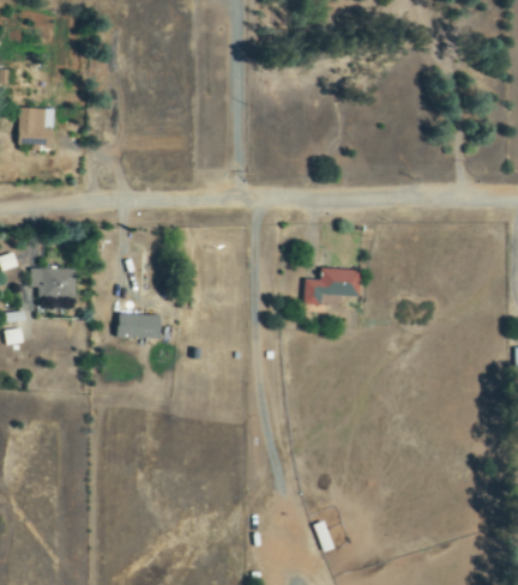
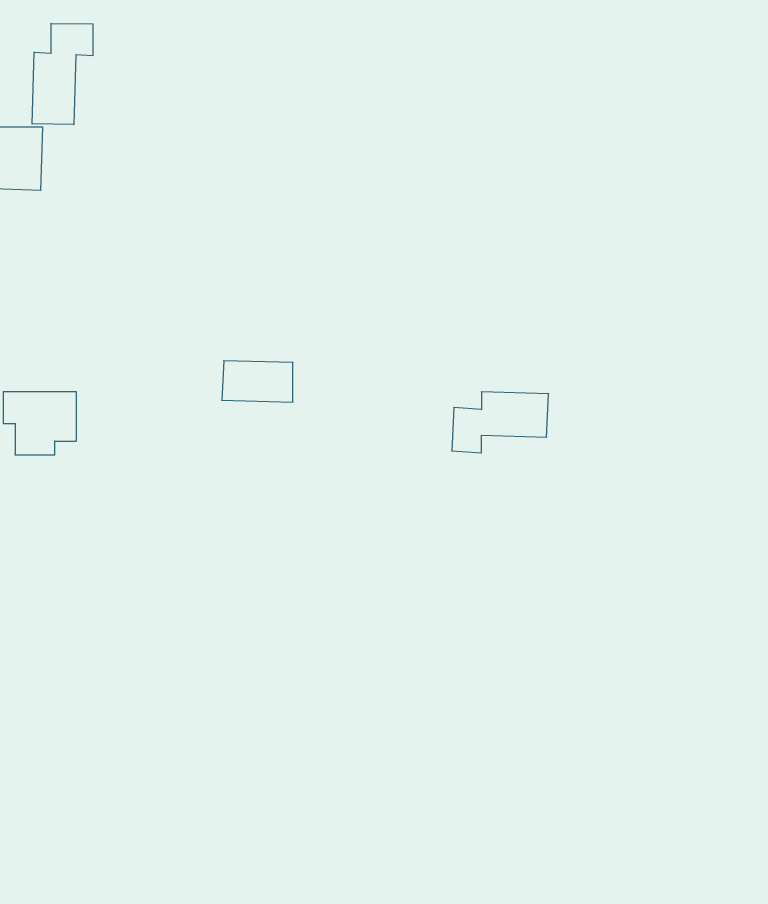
building: none -> [32,23,93,125]
building: [118,313,161,338] -> [222,361,293,402]

